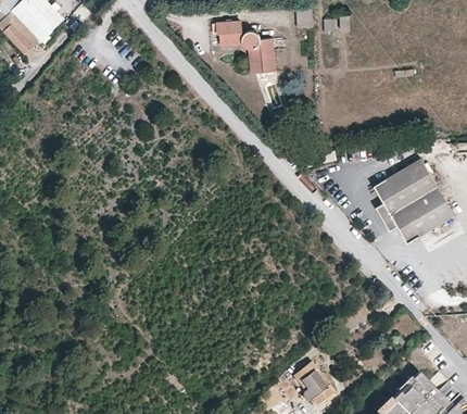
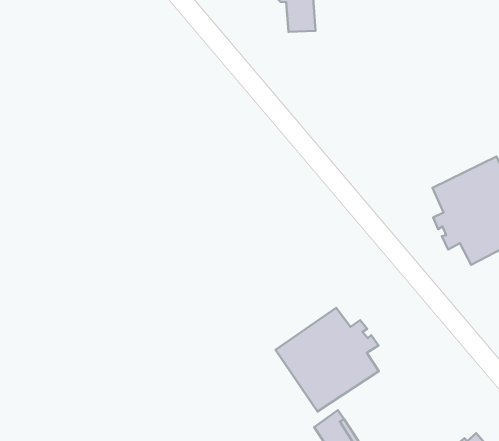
building: none -> [275,308,379,411]

